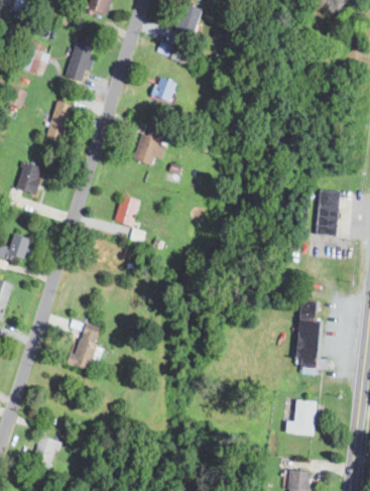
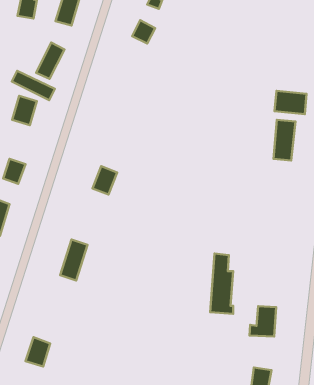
building: [135,123,166,164] -> none
building: none -> [12,71,55,100]
building: none -> [275,91,307,114]
building: [113,194,141,226] -> [92,166,117,195]
building: [295,299,322,368] -> [210,254,233,314]

